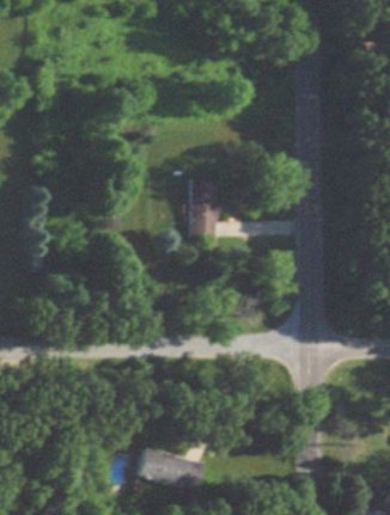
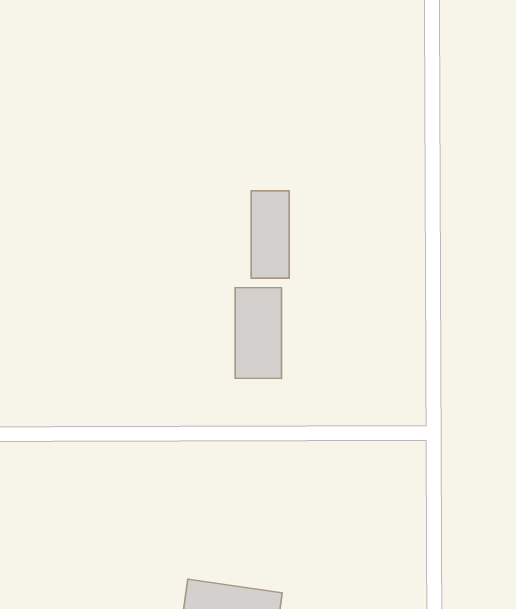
building: none -> [235,287,281,379]

